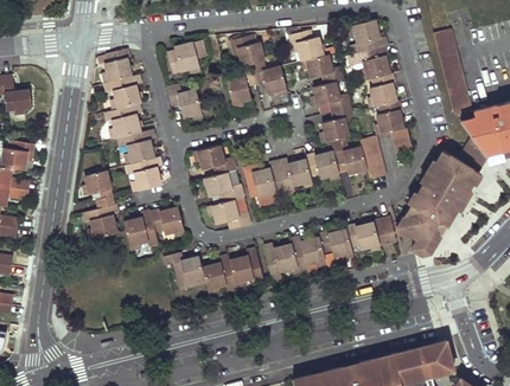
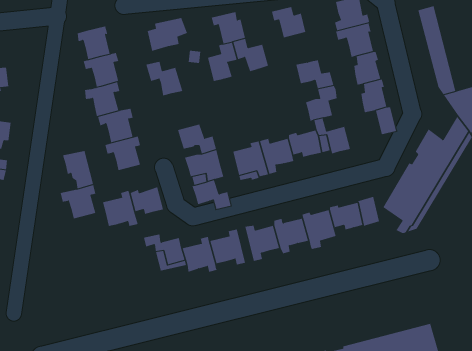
building: [306,53,345,83] -> none
building: [359,135,385,179] -> none

